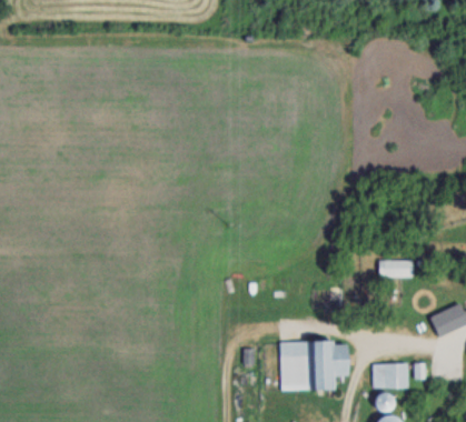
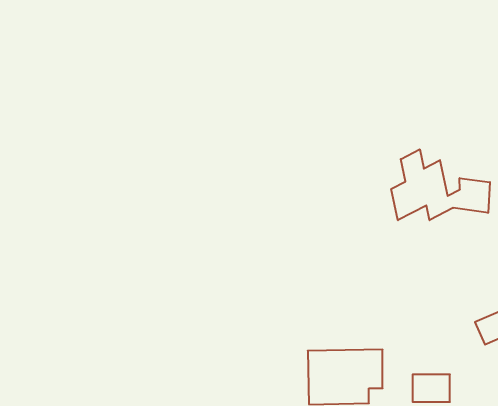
building: none -> [391,149,490,220]
building: [379,260,413,278] -> none

